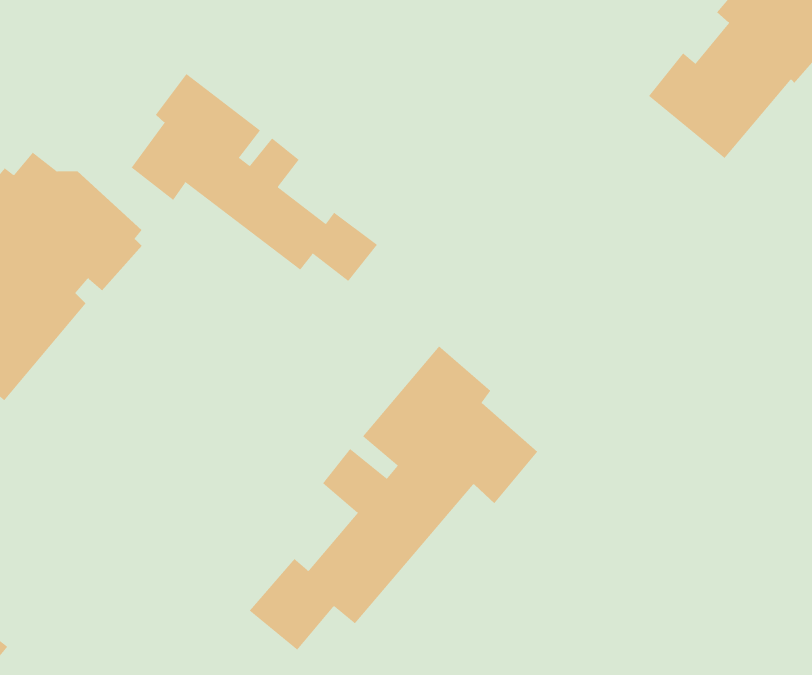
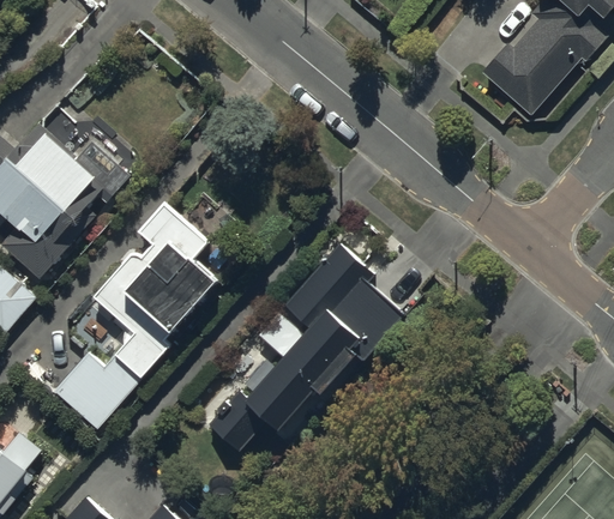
building: [131,73,378,282] -> none
building: none -> [52,199,234,430]

